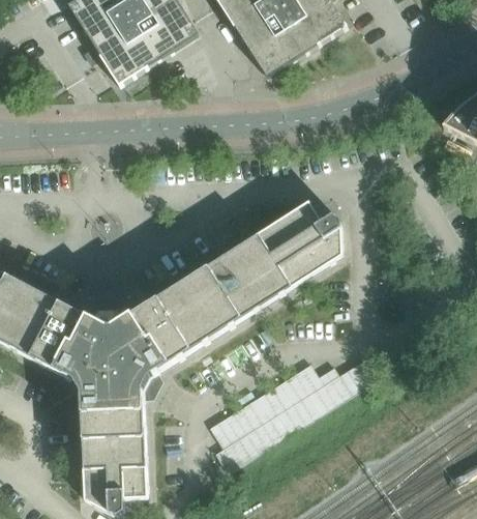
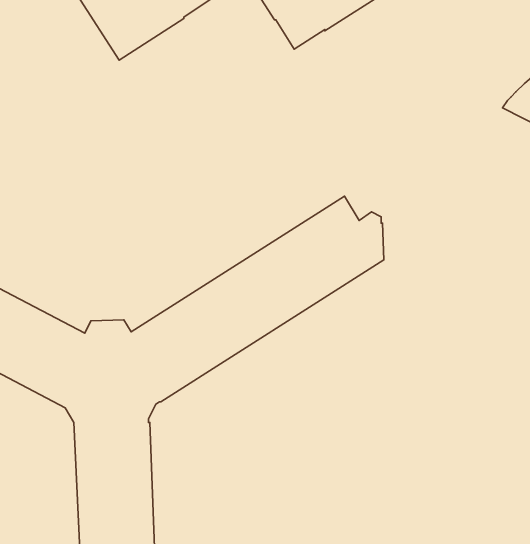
building: [214,358,375,472] -> none

